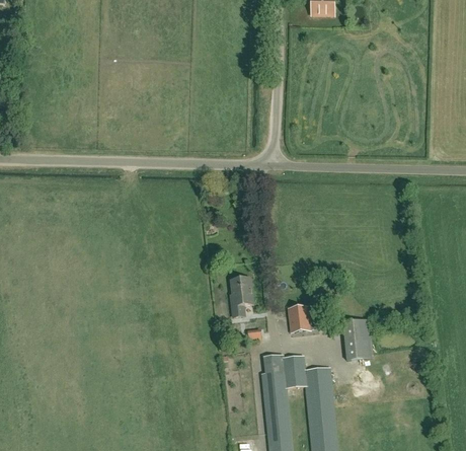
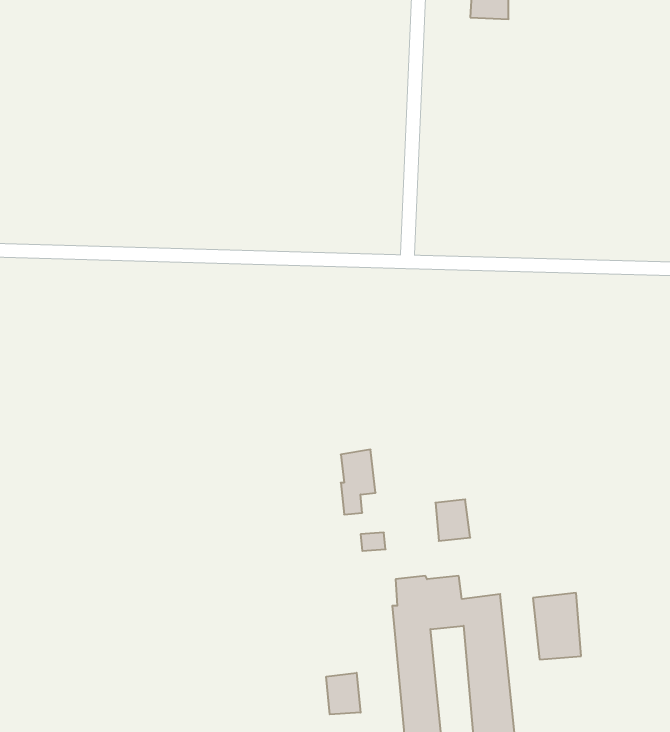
building: [342,317,372,358] -> [533,593,581,659]
building: none -> [326,673,361,714]

